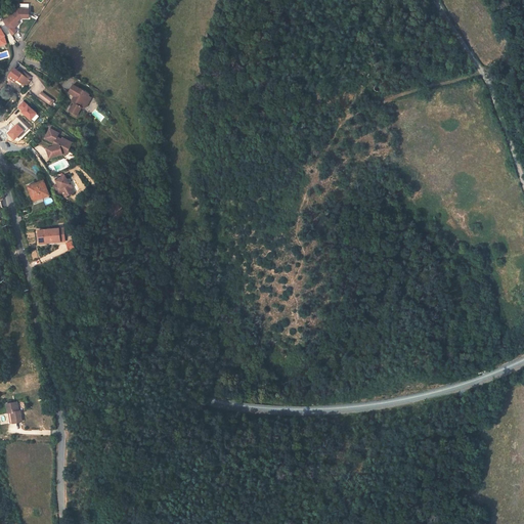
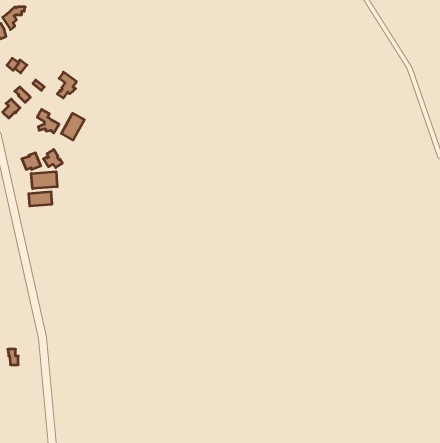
building: none -> [61,113,84,140]
building: none -> [31,172,57,189]

